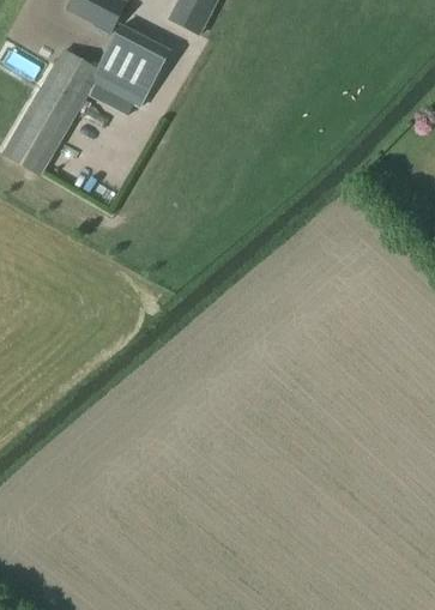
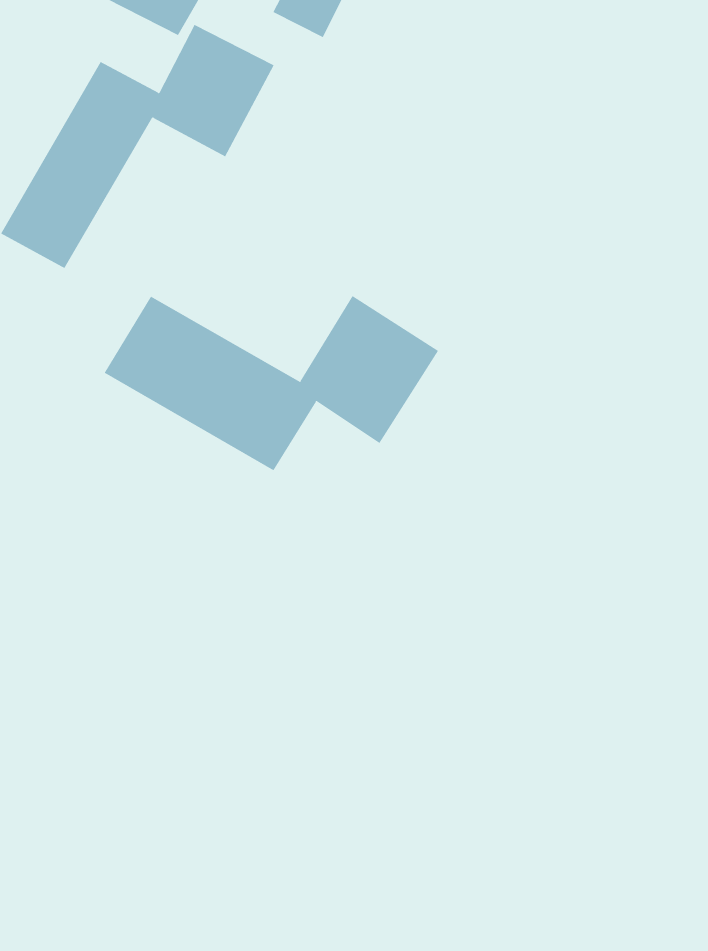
building: none -> [104,295,439,471]

